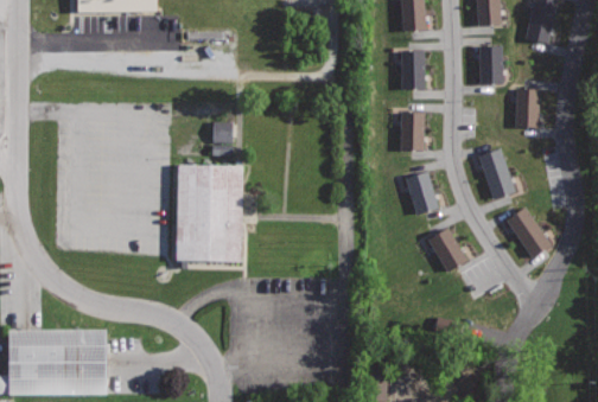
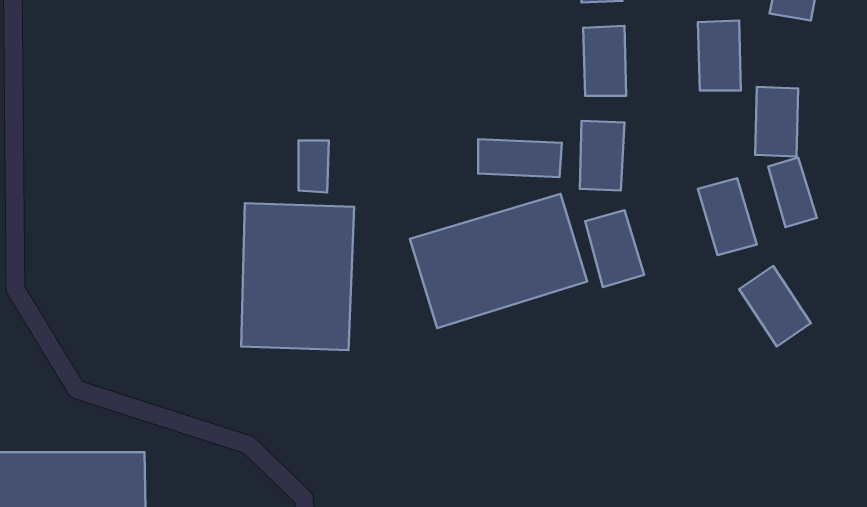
building: none -> [478,139,562,177]
building: none -> [768,158,817,227]
building: none -> [410,194,587,328]
building: [424,223,470,276] -> none

